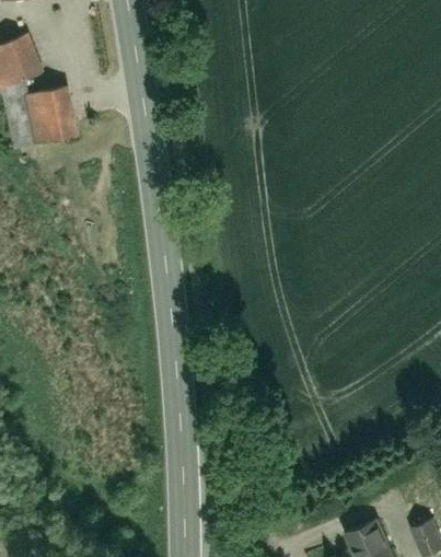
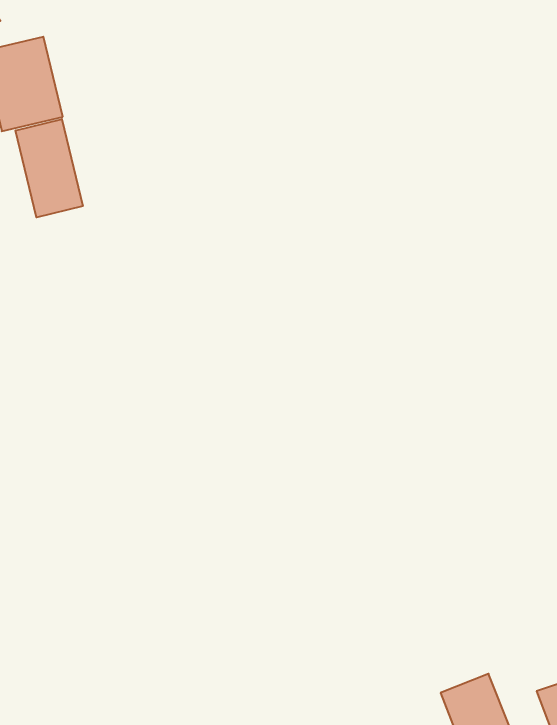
building: none -> [16,119,83,217]

